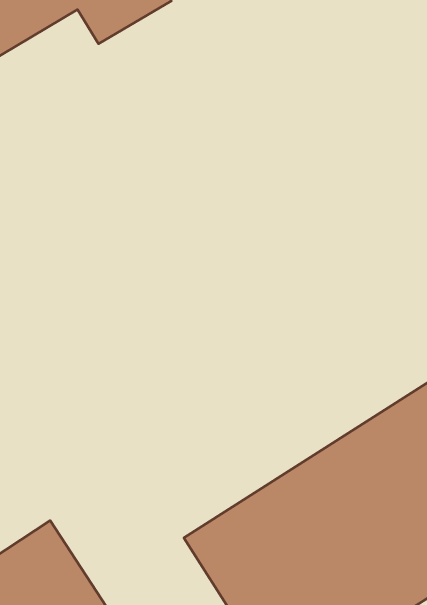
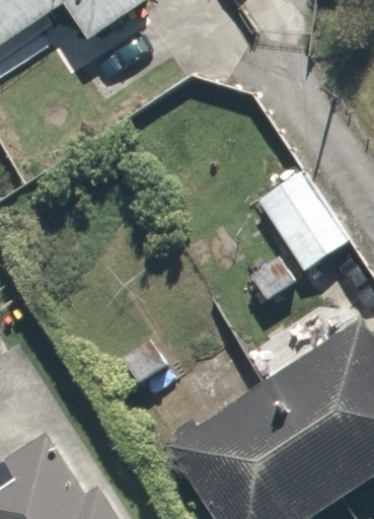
building: none -> [256,161,354,272]

